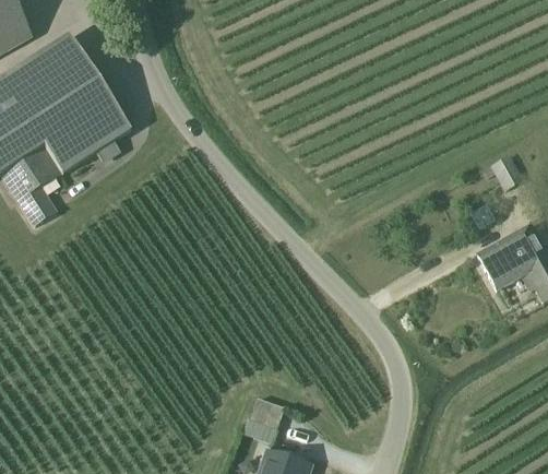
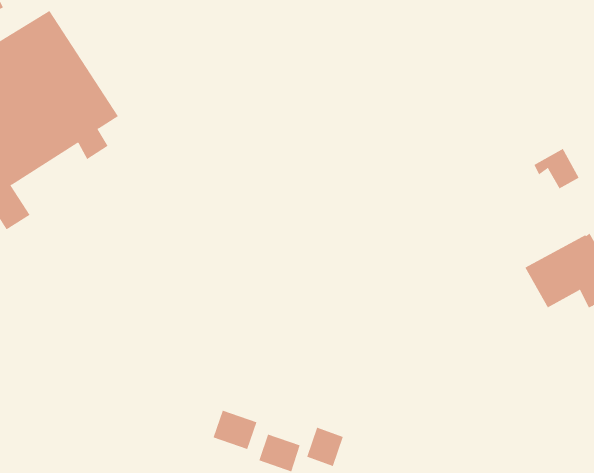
building: none -> [213,410,257,450]
building: none -> [306,427,344,467]

